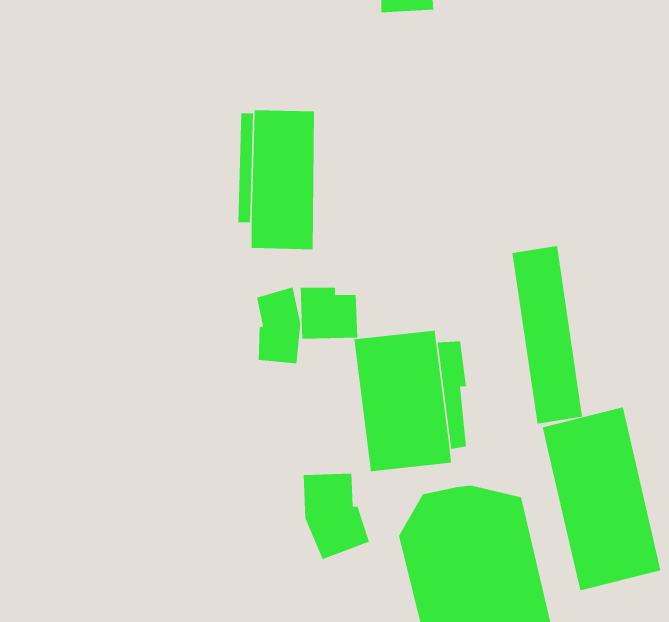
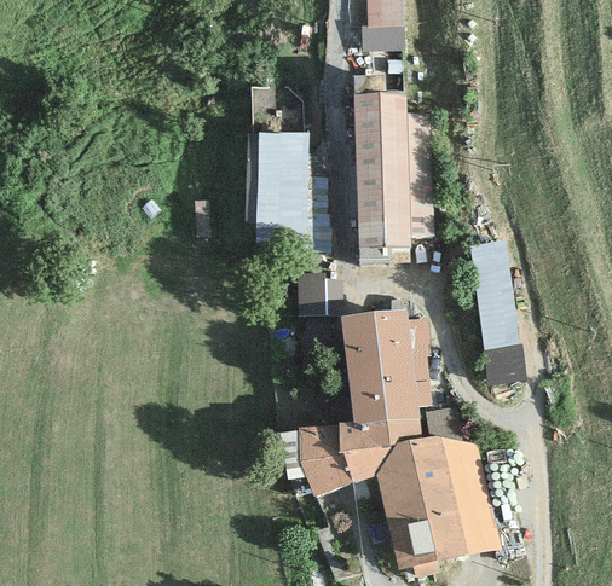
building: none -> [353,72,435,261]
building: [256,287,301,364] -> none
building: [542,407,661,591] -> none
building: none -> [339,417,423,481]

